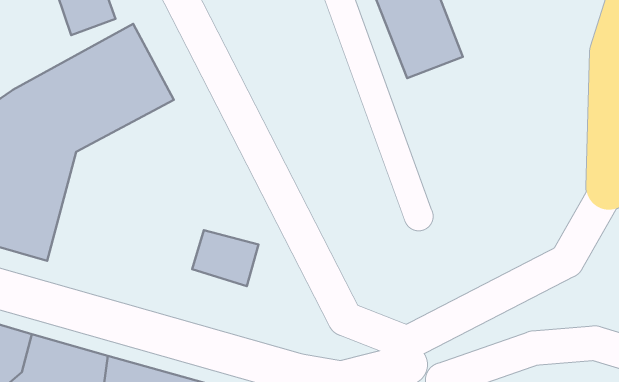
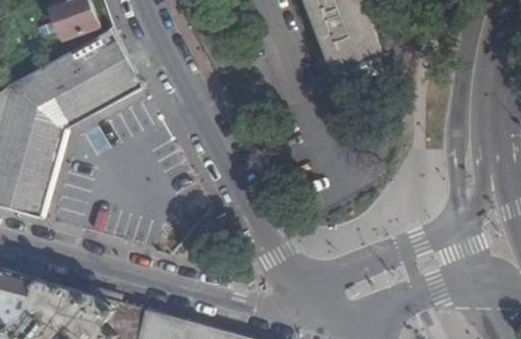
building: [192,230,259,286] -> none

